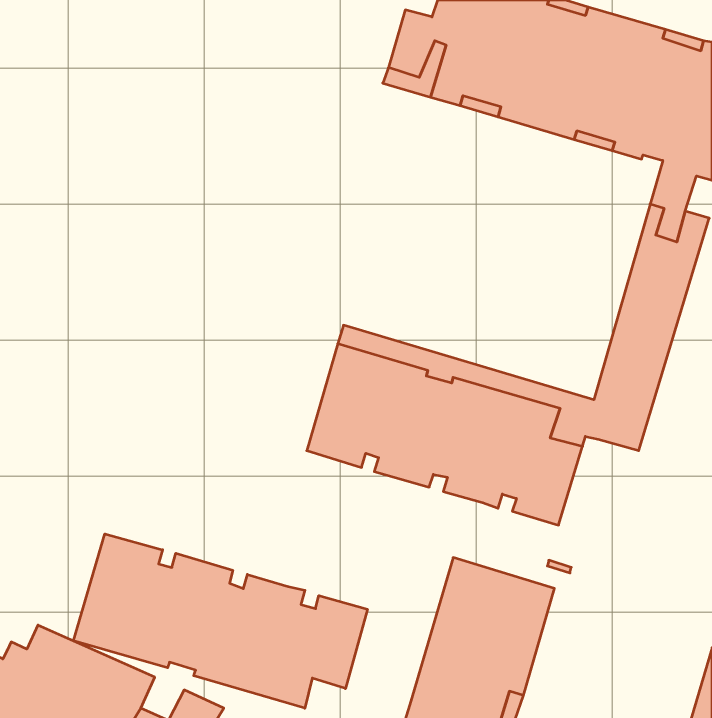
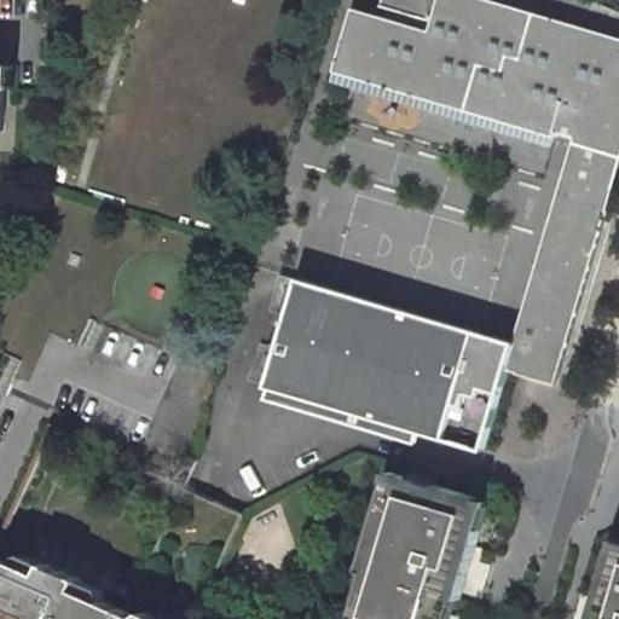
building: [74,534,367,708] -> none

